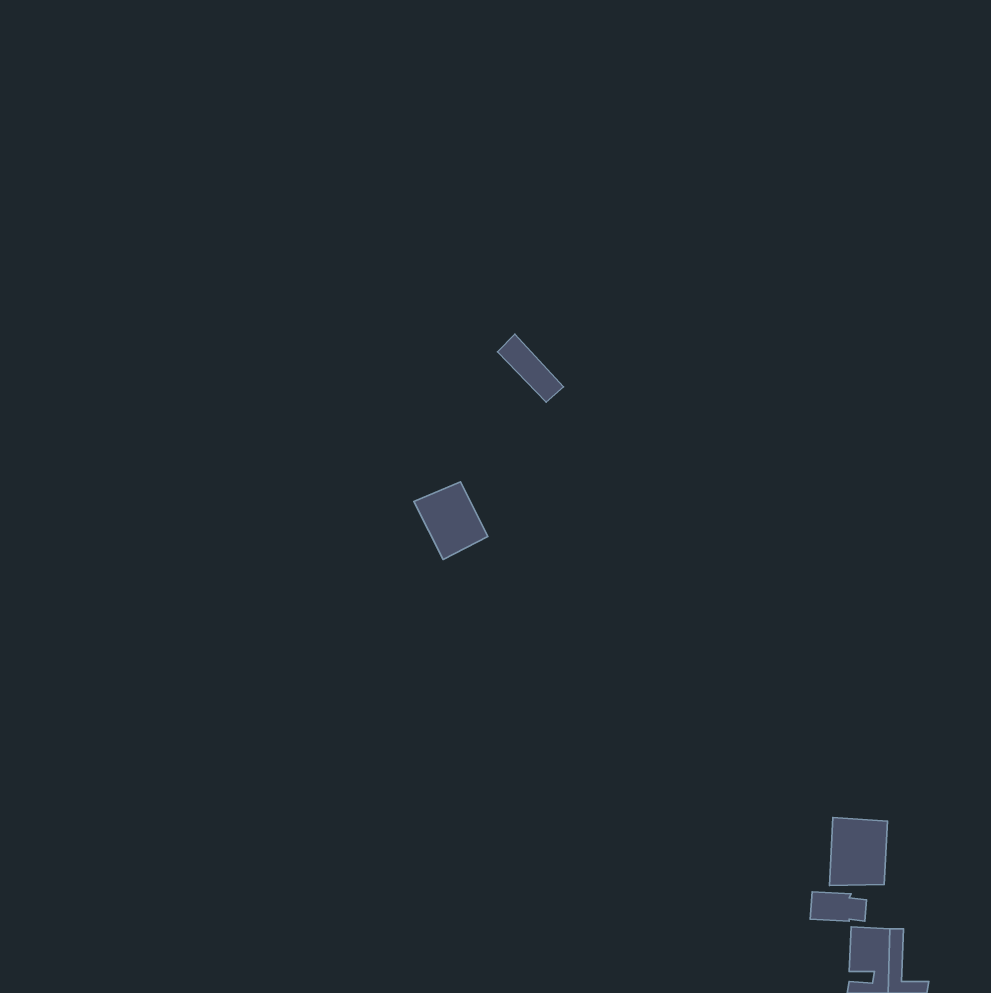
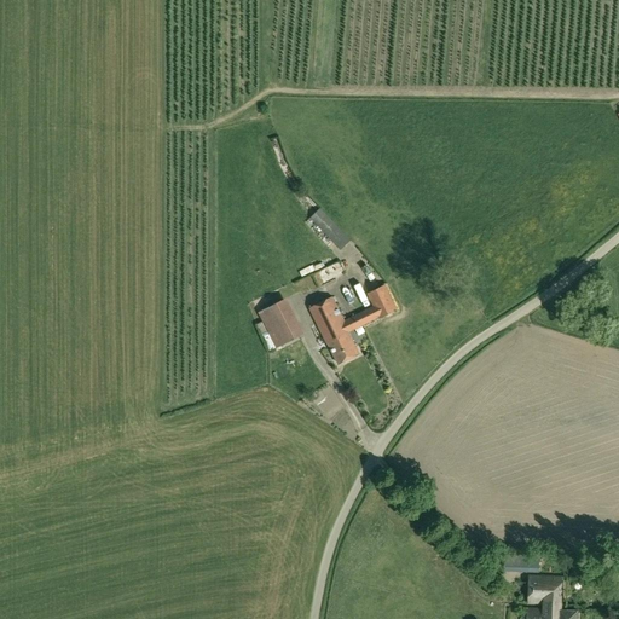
building: none -> [308,285,397,364]
building: [830,817,887,885] -> none

